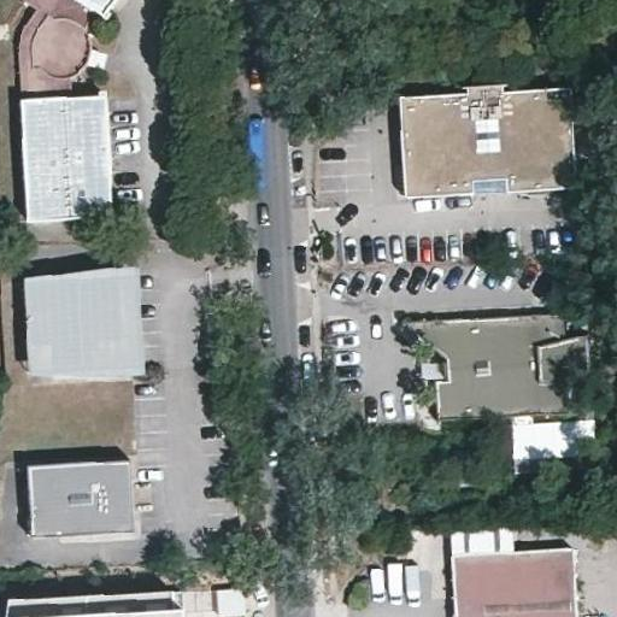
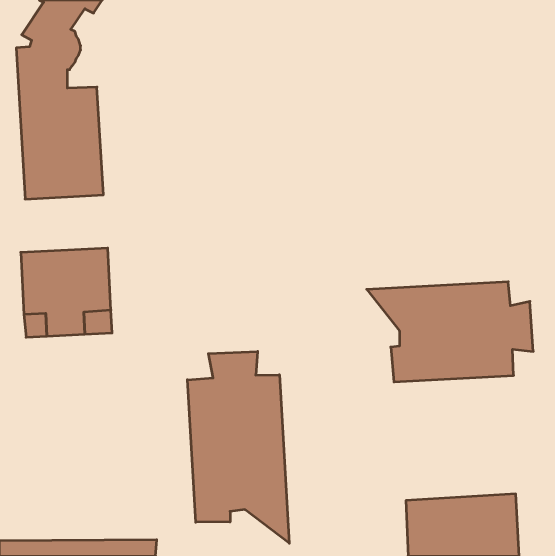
building: [400,87,576,198] -> none
building: none -> [187,351,289,543]
building: [29,457,135,535] -> none

